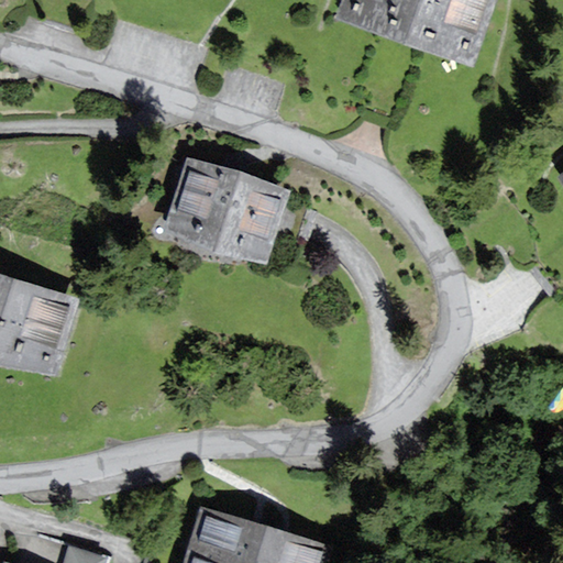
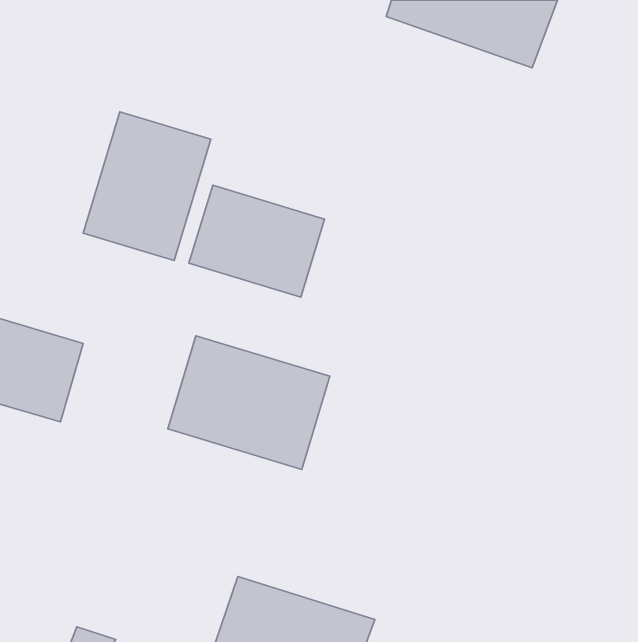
building: none -> [83,112,211,260]
building: none -> [168,336,330,470]

